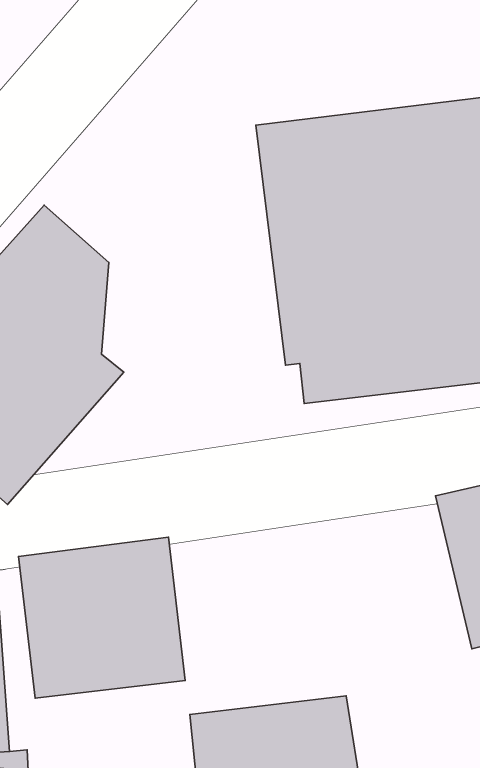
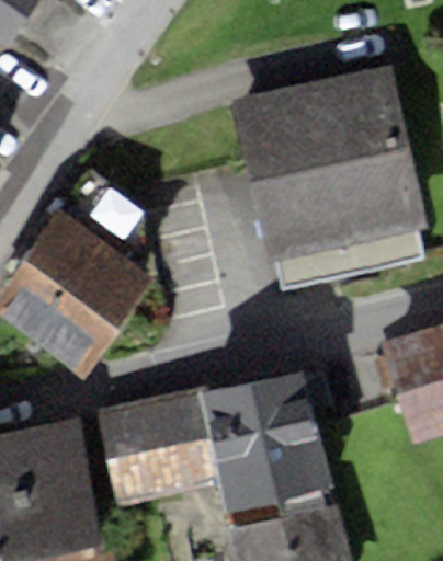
building: none -> [197,368,330,511]

